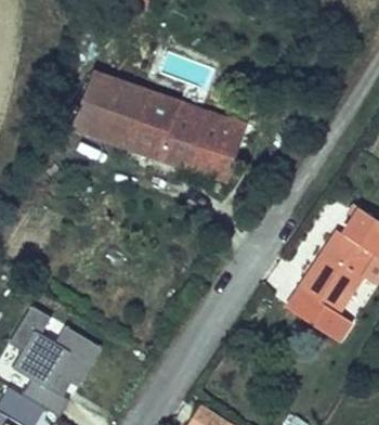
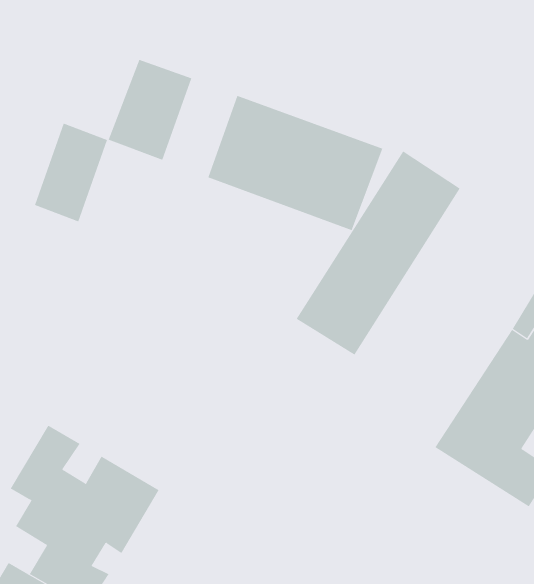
building: [108,82,155,145] -> [34,123,108,222]
building: none -> [296,150,461,355]

